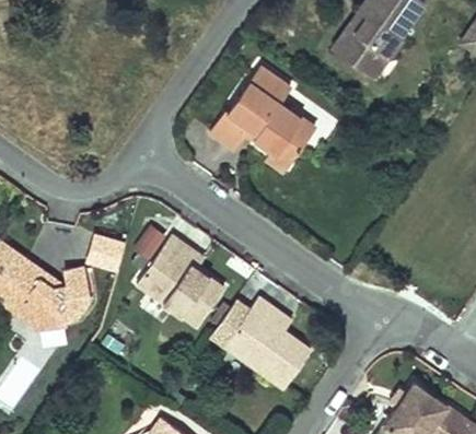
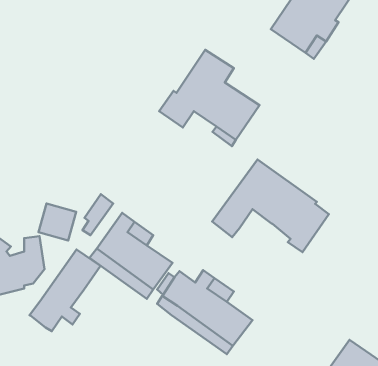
building: none -> [212,160,329,252]
building: none -> [30,250,101,331]

